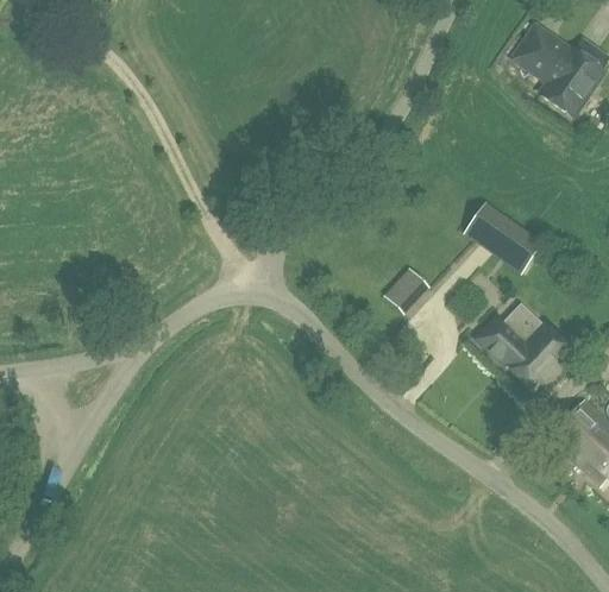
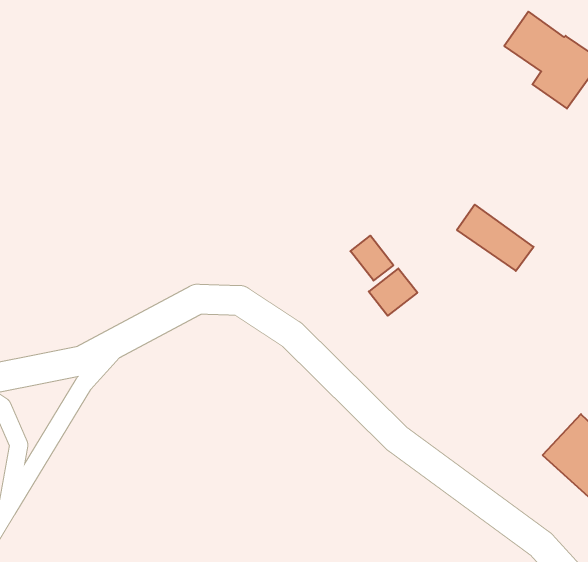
building: none -> [350,236,393,281]
building: [477,302,571,390] -> none

